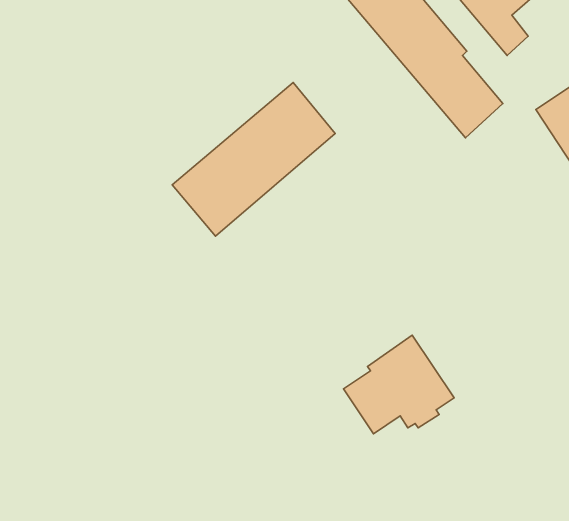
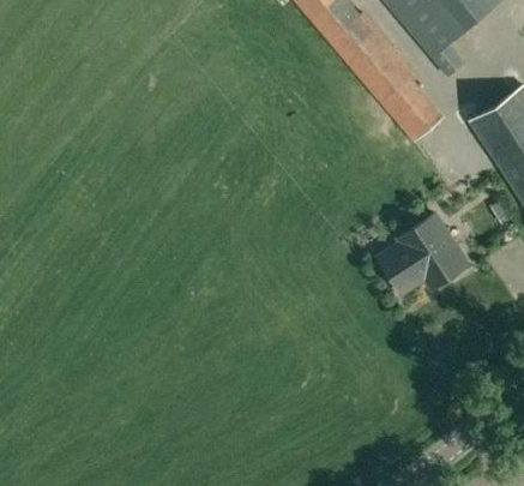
building: [172,82,335,236] -> none
building: [343,335,454,434] -> [379,214,468,293]

